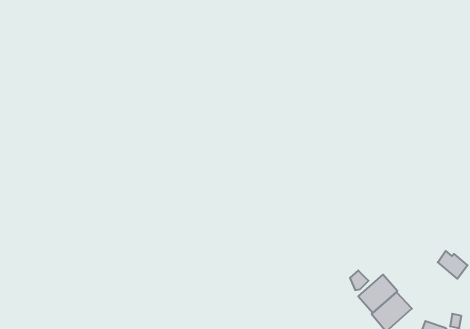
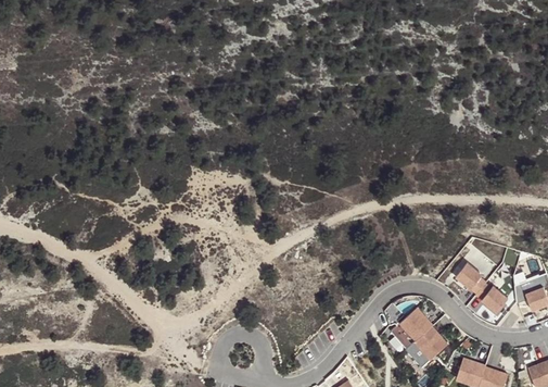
building: none -> [456,263,486,295]

